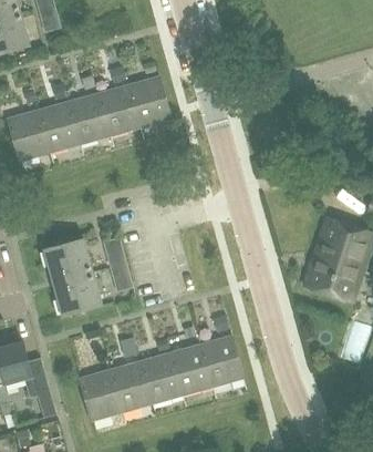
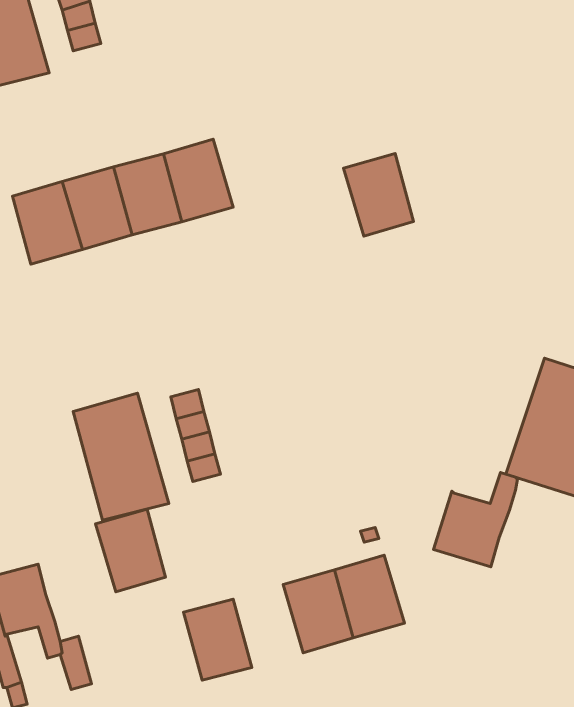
building: [128,76,170,126] -> [344,153,414,236]
building: none -> [433,472,518,567]
building: [141,353,183,403] -> none
building: [80,370,122,420] -> [96,509,166,592]

